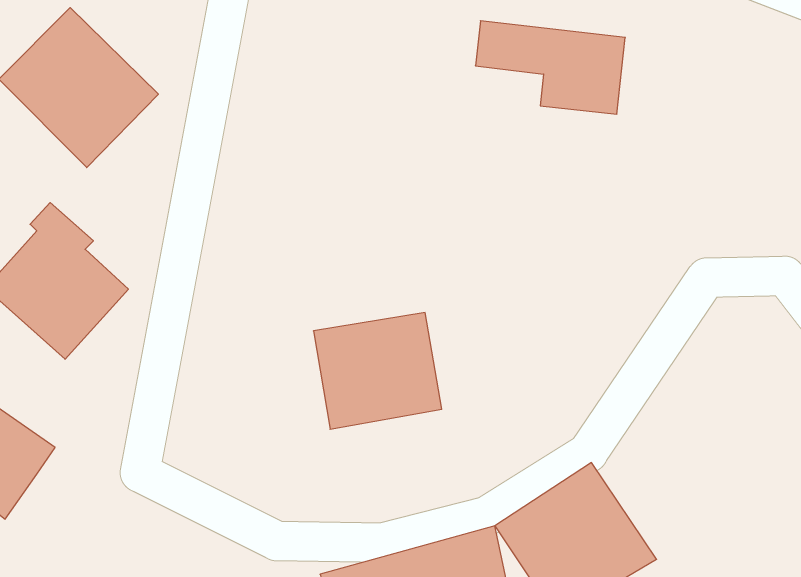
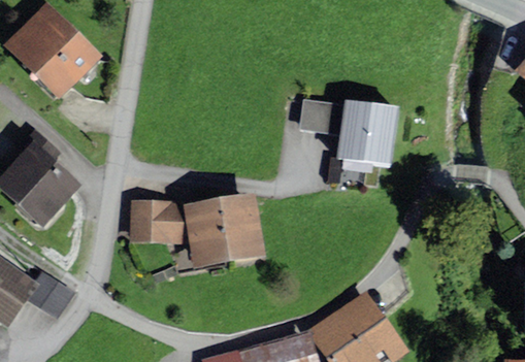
building: [475,21,625,114] -> [298,98,391,156]
building: none -> [137,201,194,242]
building: none -> [25,269,74,317]

